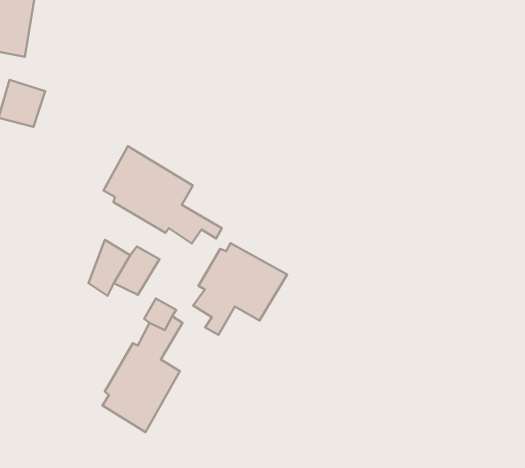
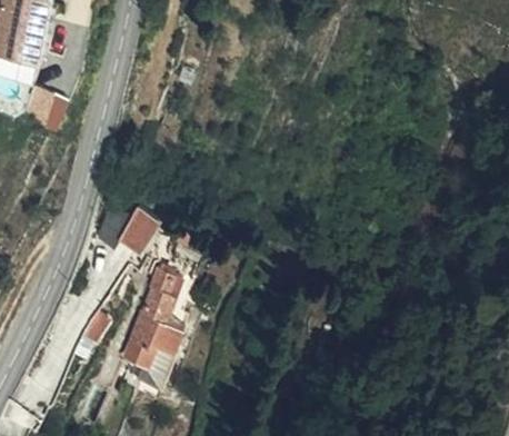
building: [103,146,222,244] -> none
building: [193,243,287,335] -> none

